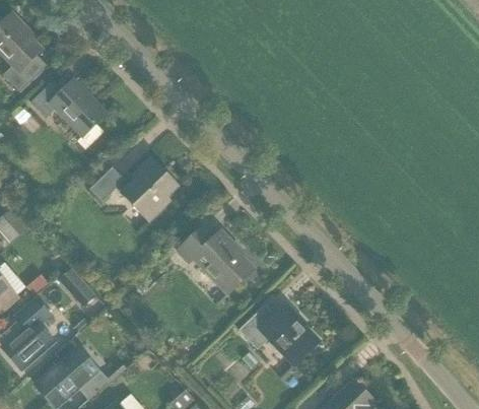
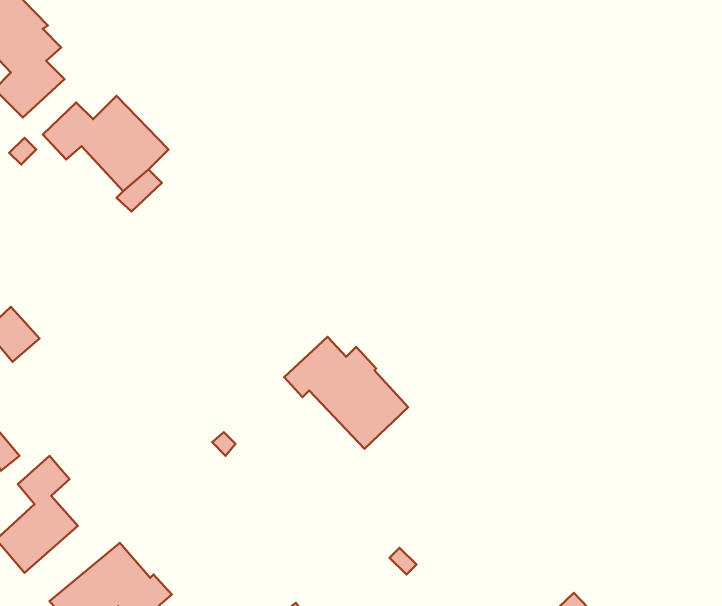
building: [90,158,178,220] -> none
building: [59,268,96,306] -> none
building: [238,305,319,364] -> none

